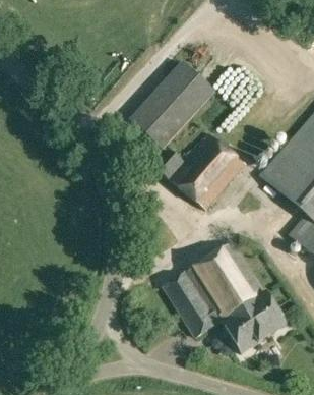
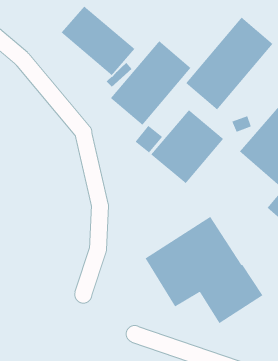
building: none -> [61,5,135,76]
building: none -> [185,17,274,110]

